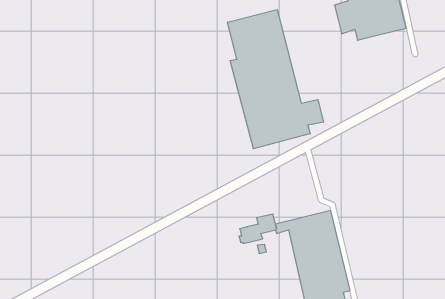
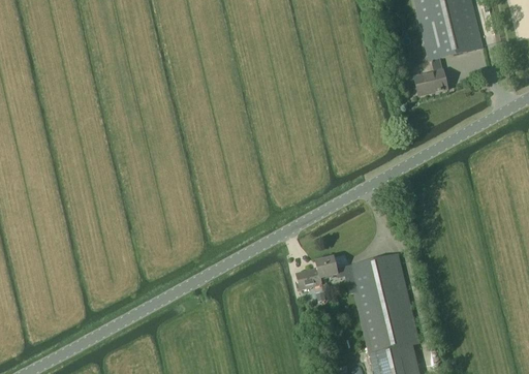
building: [228,10,323,149] -> none
building: none -> [413,58,447,96]

